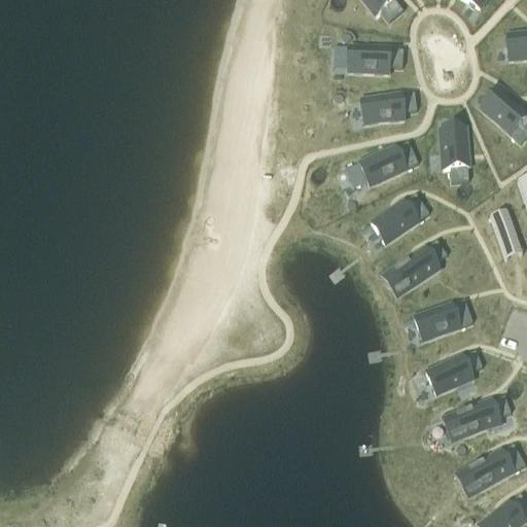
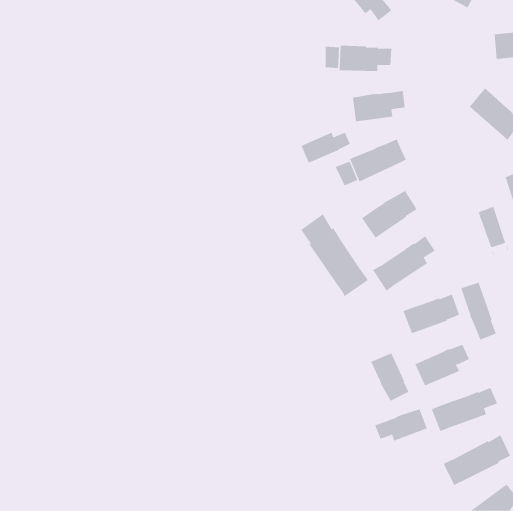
building: [440,129,468,183] -> none
building: none -> [301,132,350,163]
building: none -> [300,213,368,297]
building: none -> [460,282,497,340]
building: none -> [371,352,409,402]
building: none -> [375,409,427,441]

